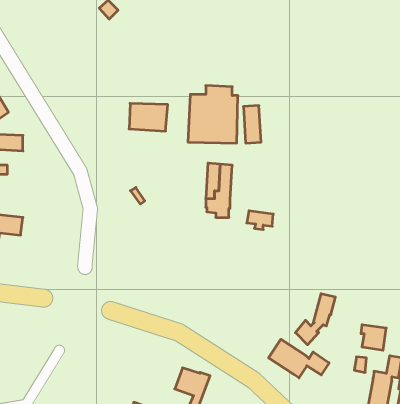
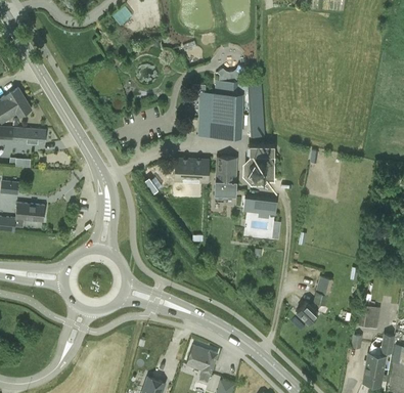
building: [129,103,168,131] -> [174,158,210,183]
building: none -> [249,144,274,178]
building: [269,339,329,378] -> none

